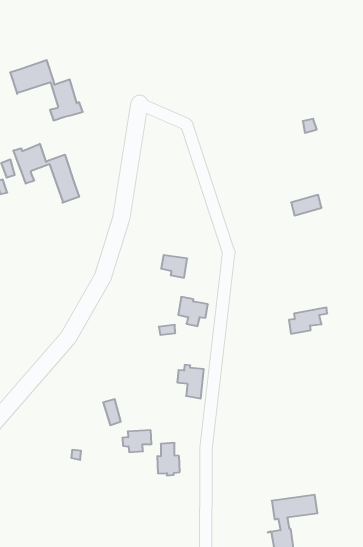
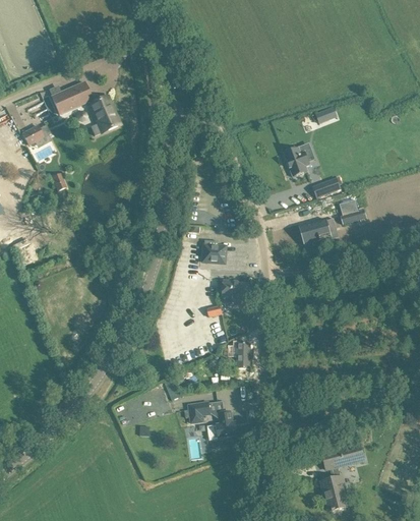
building: [13,144,79,203] -> none
building: none -> [284,146,310,177]
building: none -> [340,199,366,224]
building: [289,308,327,334] -> [301,218,335,244]

